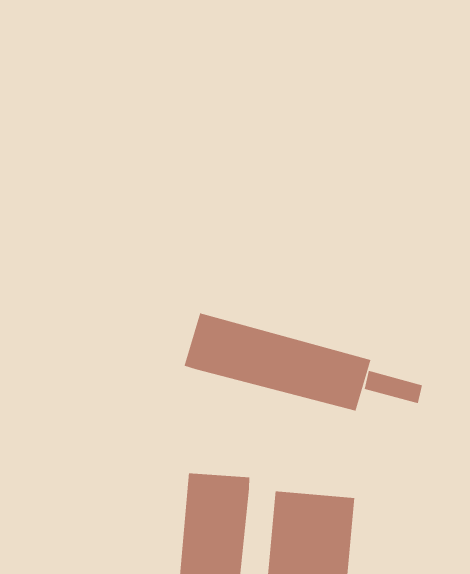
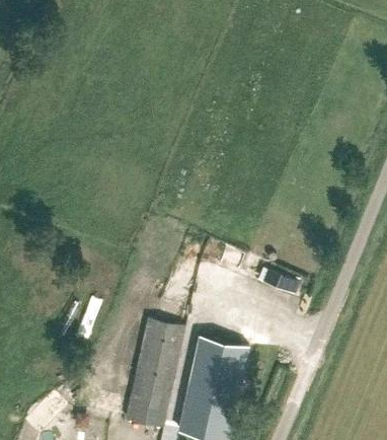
building: [184,313,371,412] -> none

